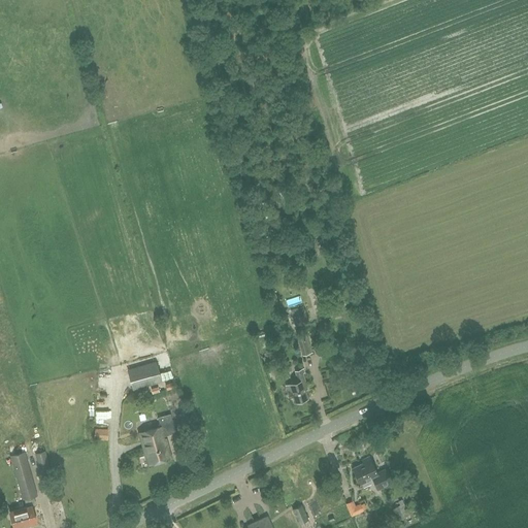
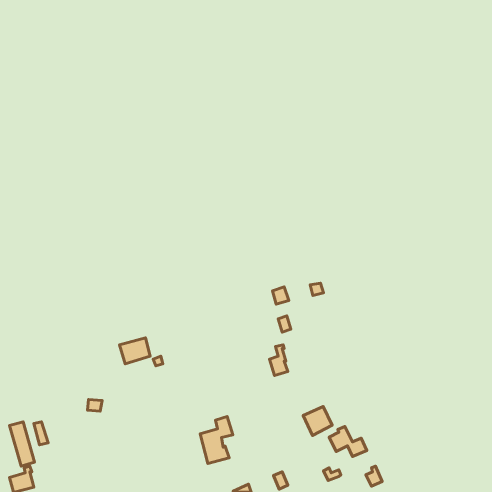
building: [141,414,176,464] -> [200,416,233,464]
building: none -> [303,407,332,435]

